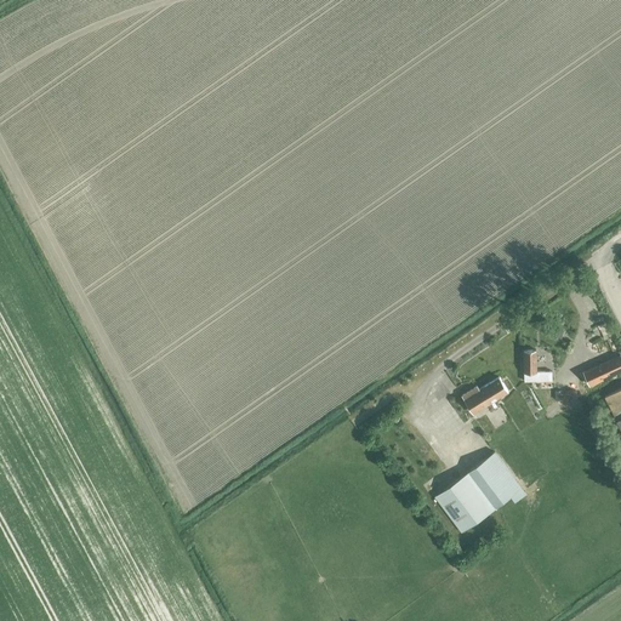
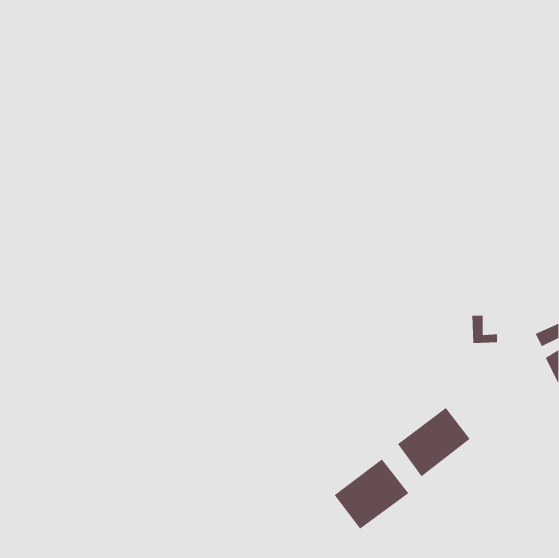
building: [463,377,508,414] -> none
building: none -> [334,459,409,529]

